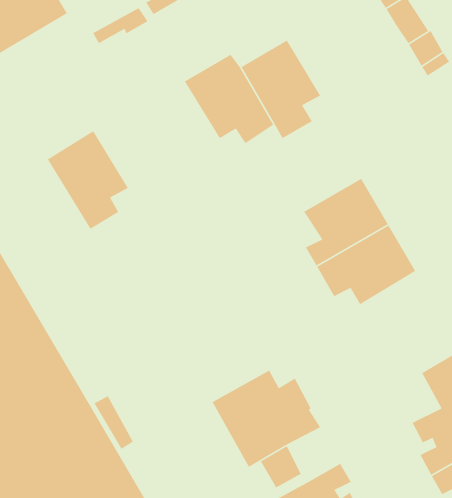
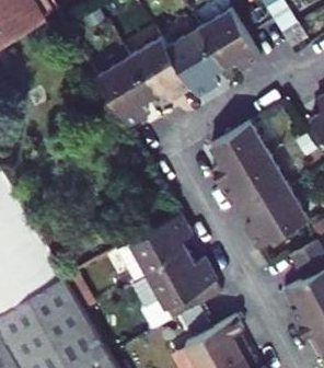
building: none -> [199,9,261,70]
building: [47,130,129,230] -> [97,57,153,125]
building: none -> [245,186,306,248]
building: none -> [116,215,192,283]

